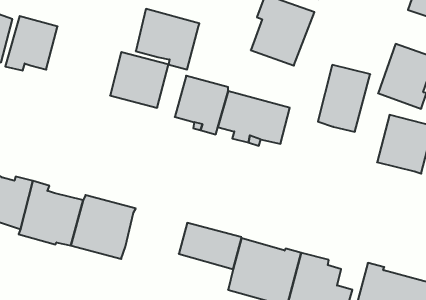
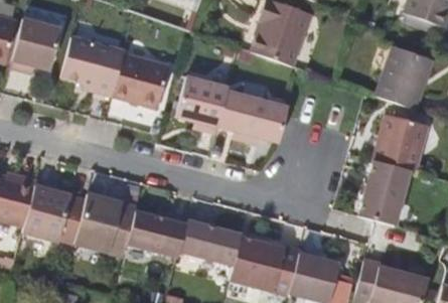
building: [136,9,199,70] -> [61,36,124,96]
building: [318,65,370,132] -> [359,161,411,226]
building: none -> [127,210,187,257]

